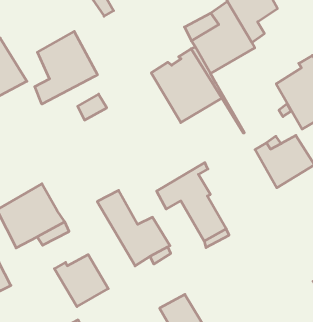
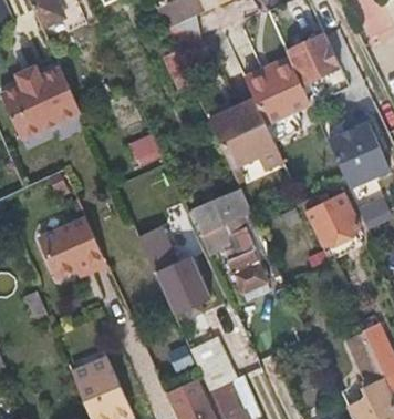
building: [35,31,97,104] -> none
building: none -> [188,186,251,236]
building: [54,255,108,307] -> none

